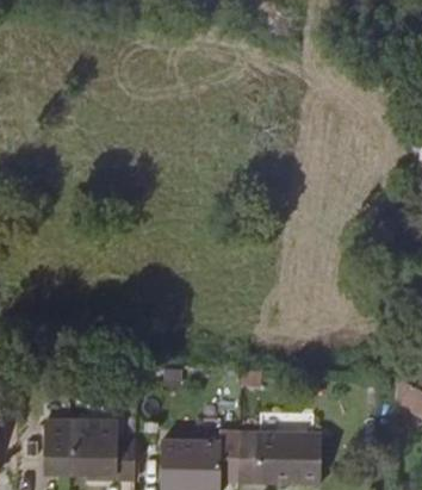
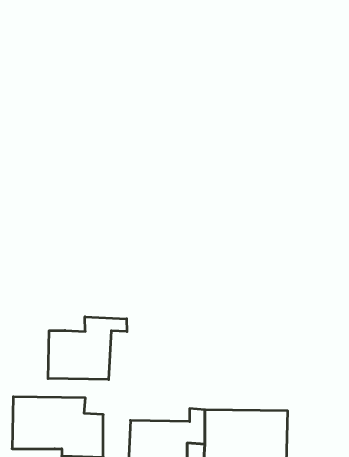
building: none -> [48,317,127,380]

